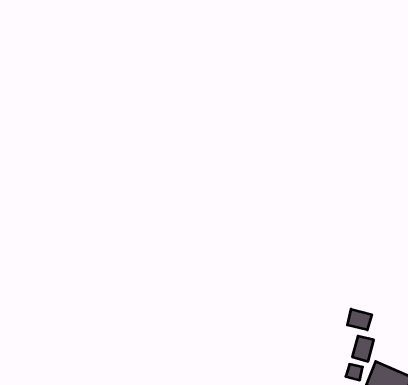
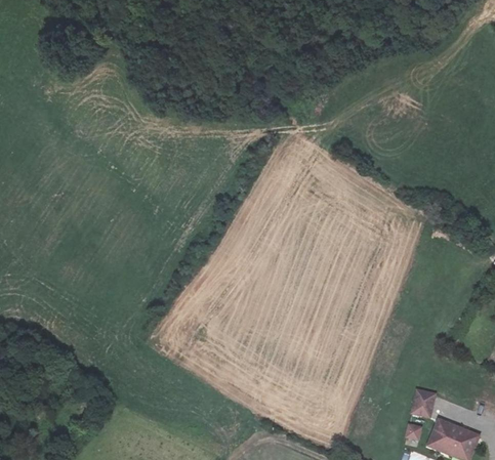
building: [347,309,372,330] -> none

